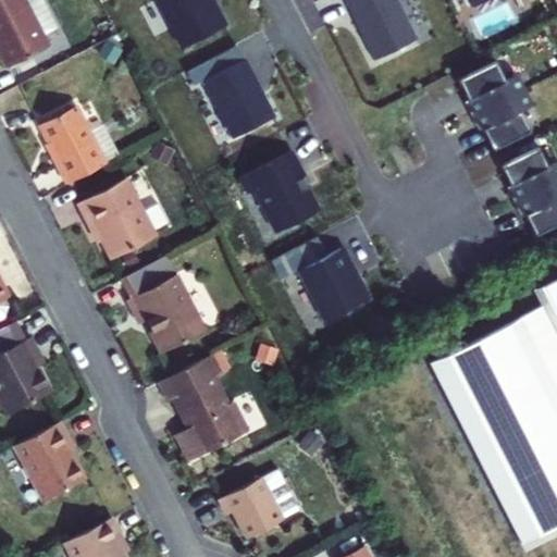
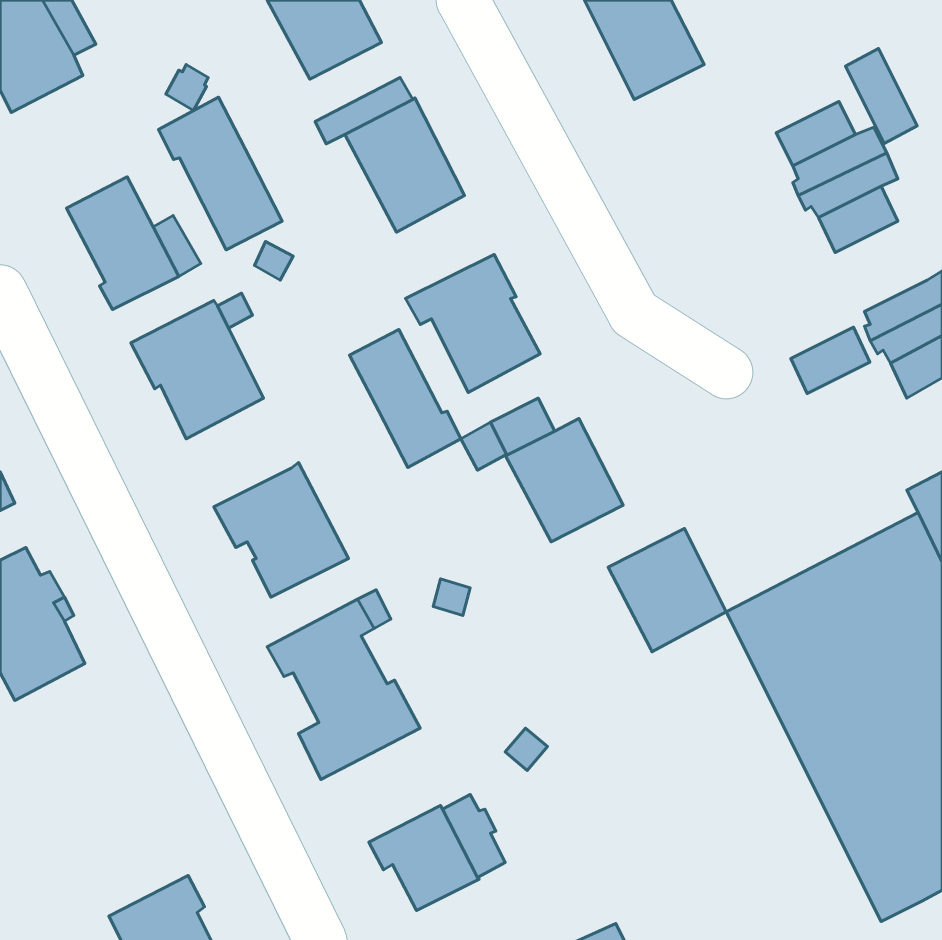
building: none -> [846,48,917,144]
building: none -> [158,97,282,250]
building: [500,146,547,185] -> [791,327,870,393]
building: none -> [350,329,461,467]
building: [121,258,172,298] -> none
building: none -> [608,528,726,652]
building: [14,421,84,500] -> none

